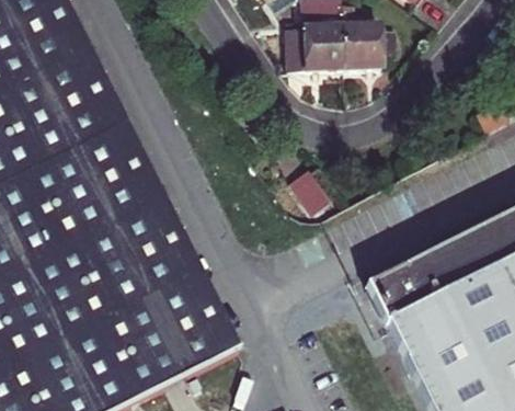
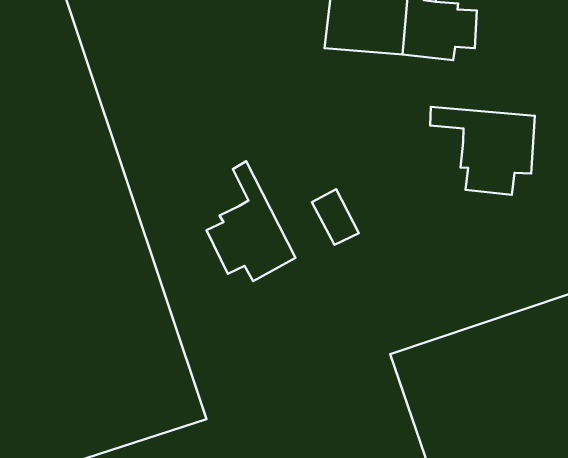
building: none -> [430,107,535,195]
building: none -> [207,161,295,281]

